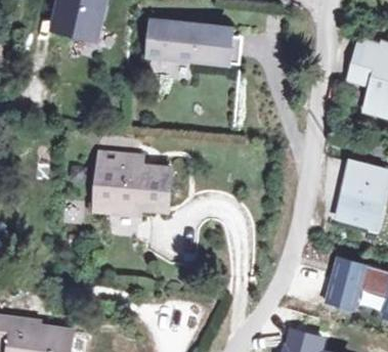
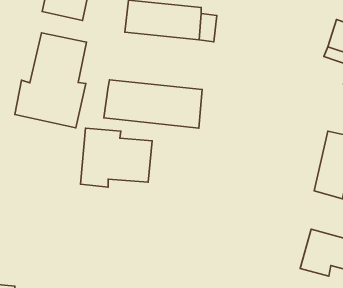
building: none -> [15,33,87,128]
building: none -> [104,80,202,128]

